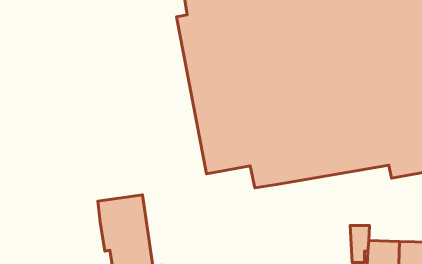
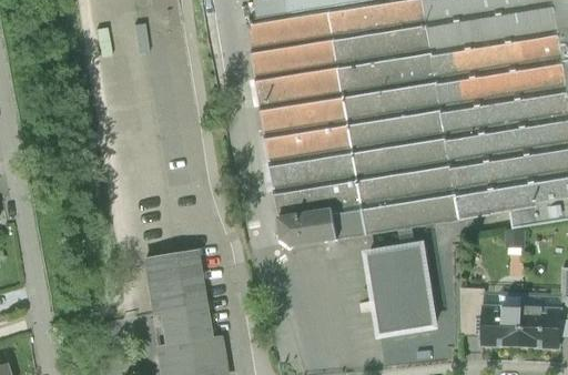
building: none -> [280,211,341,247]
building: none -> [373,242,437,327]

